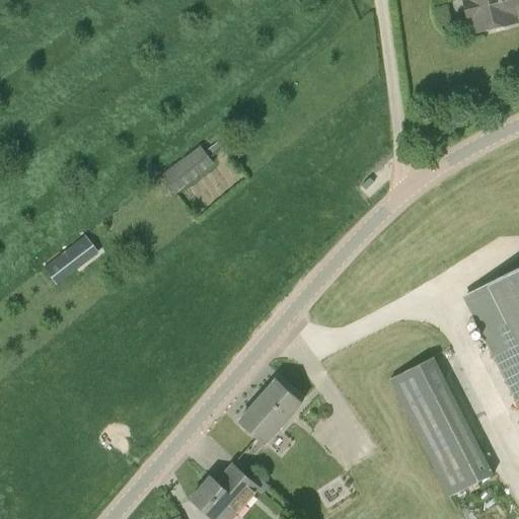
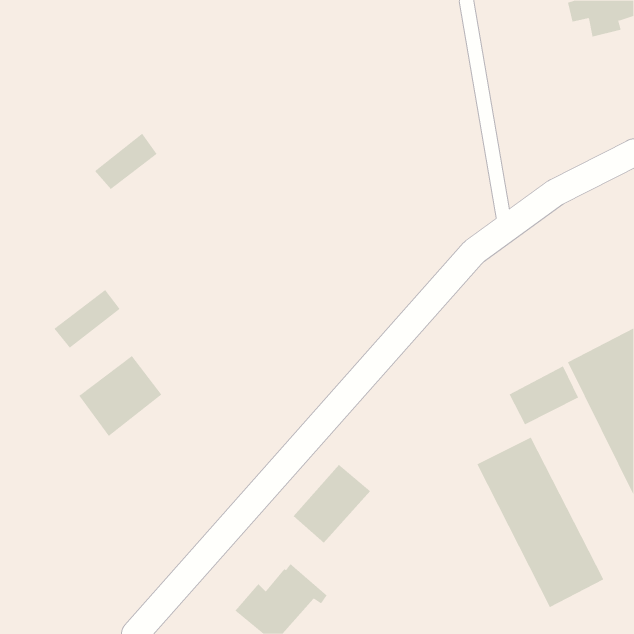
building: [162,146,214,193] -> [94,133,158,190]
building: none -> [78,355,162,437]
building: none -> [509,366,579,425]

